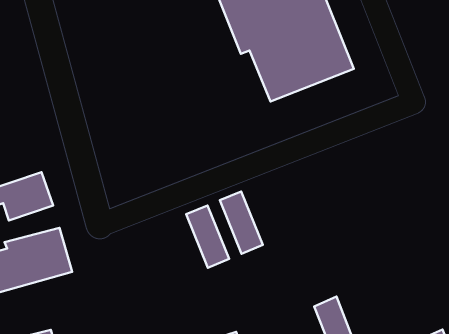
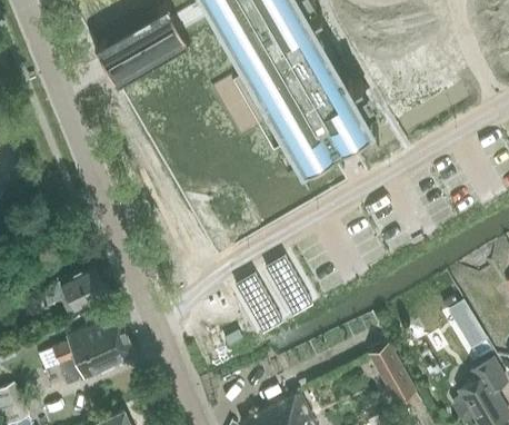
building: none -> [448,304,480,346]

